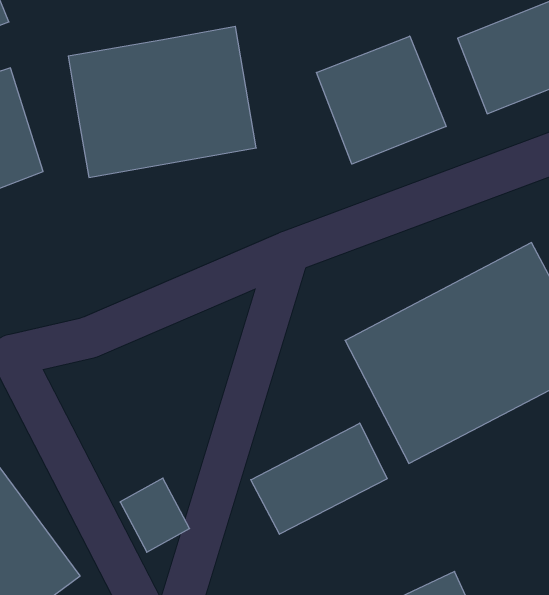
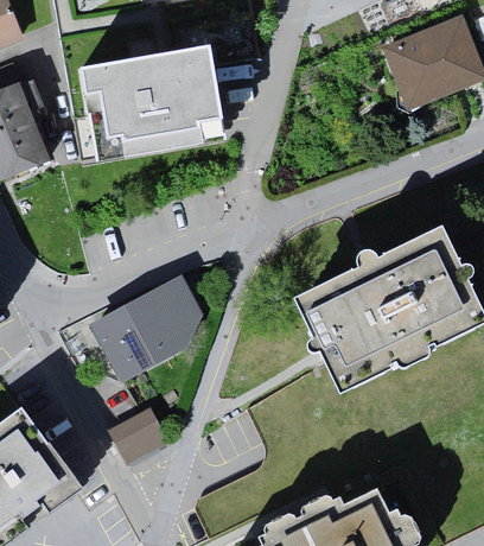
building: [316,36,446,164] -> none
building: none -> [90,271,203,383]
building: [251,423,387,534] -> none

